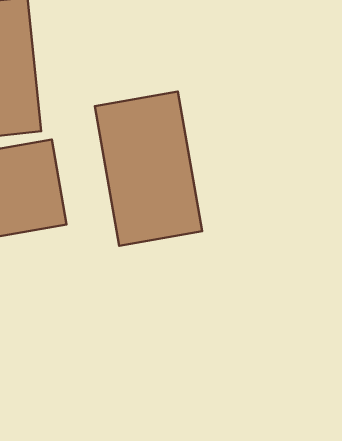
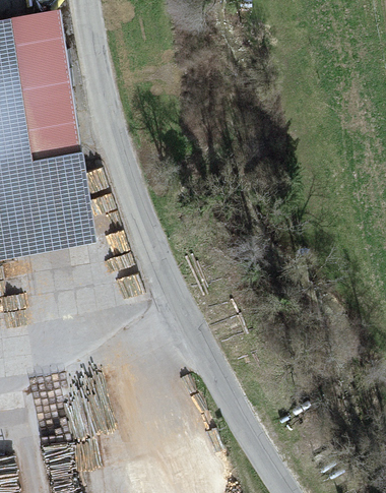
building: [95,92,202,246] -> none

